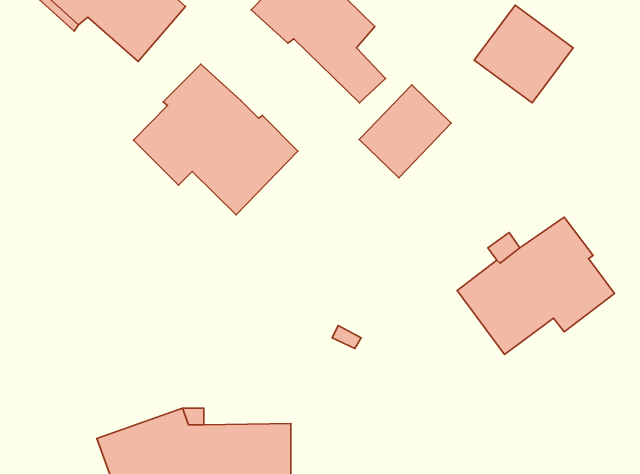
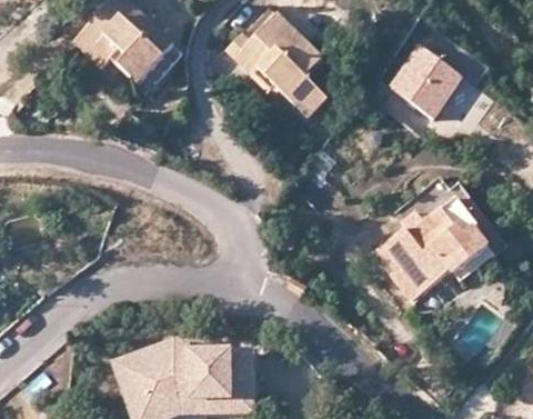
building: [134,64,298,215] -> none
building: [359,85,451,178] -> none

